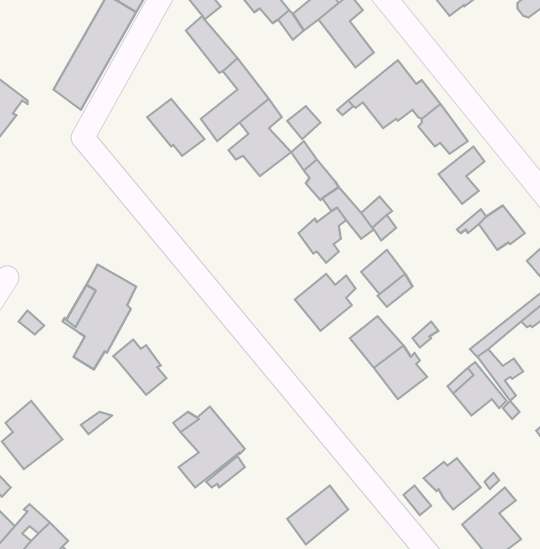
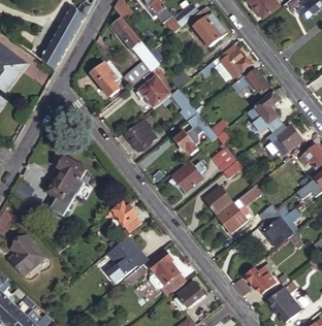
building: none -> [125,123,153,151]
building: [113,340,166,395] -> [110,200,140,231]
building: none -> [147,251,185,295]

